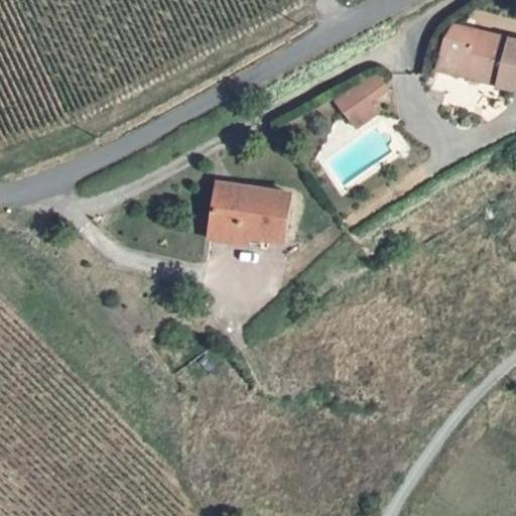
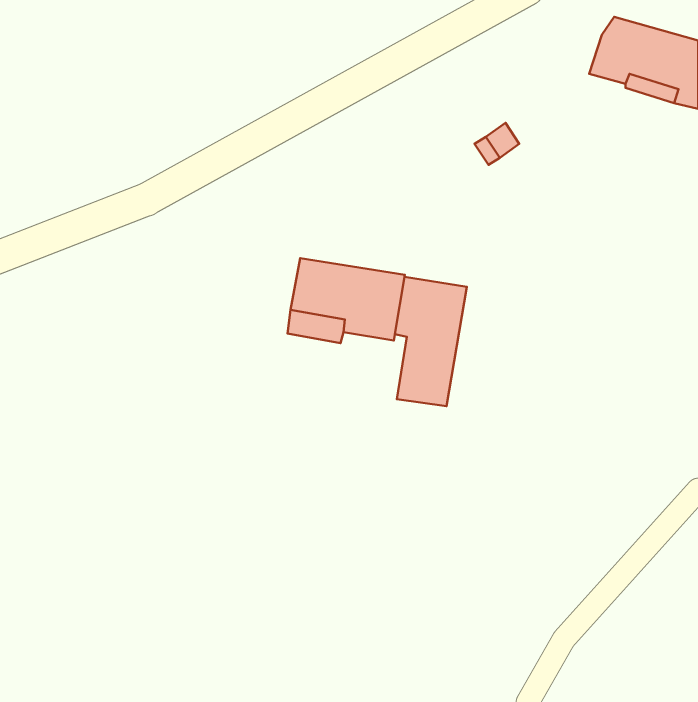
building: none -> [395,277,467,406]

